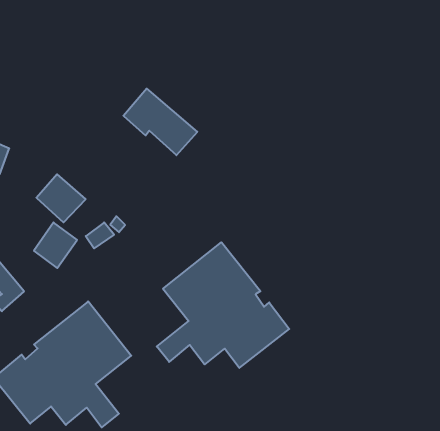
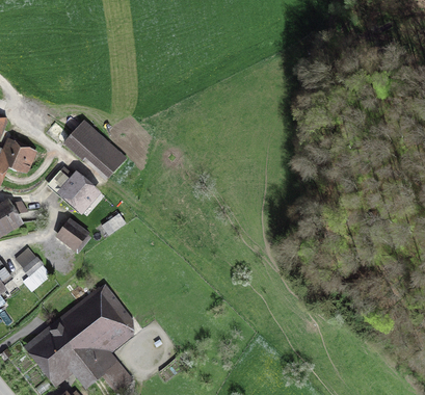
building: [123,89,197,155] -> [63,122,126,178]
building: [157,242,289,368] -> none

